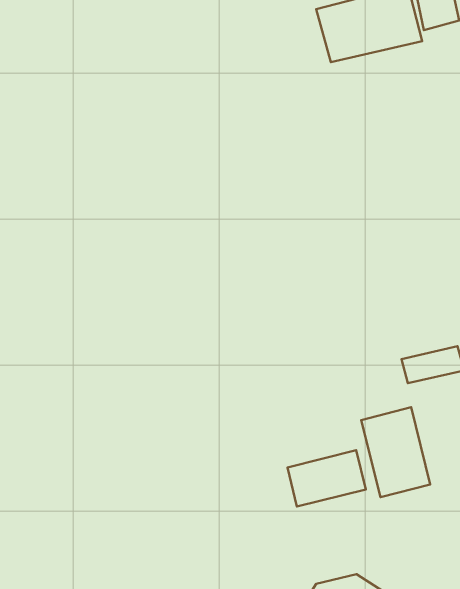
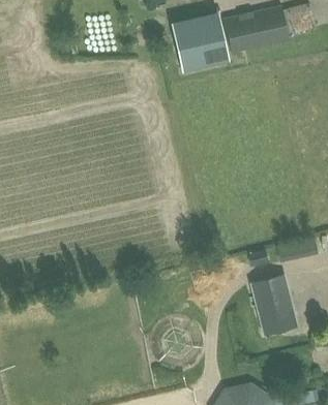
building: none -> [180,25,223,61]
building: [288,450,366,507] -> none

